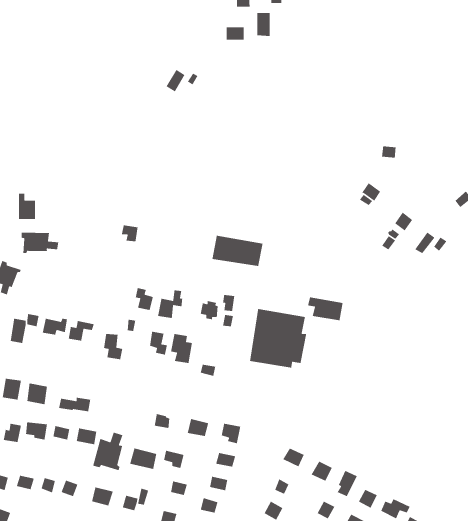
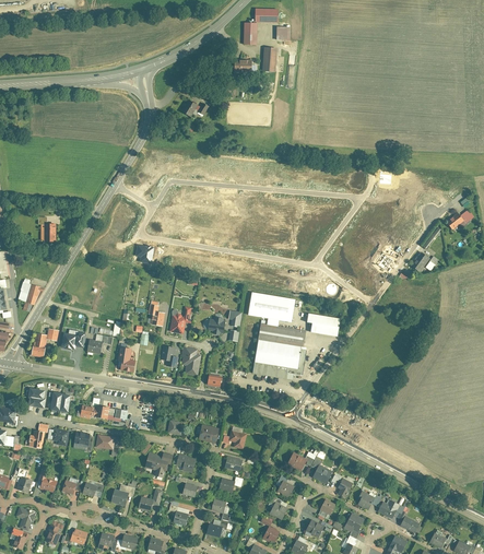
building: [21,232,59,254] -> none
building: [212,235,263,267] -> [250,292,298,321]
building: [92,431,123,471] -> none

